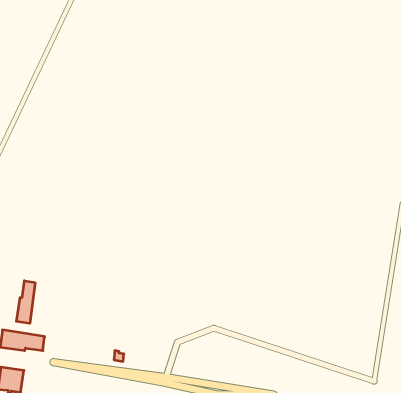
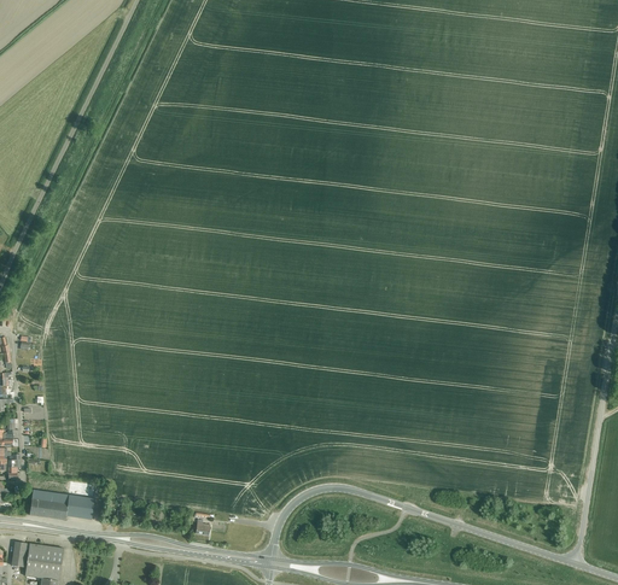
building: [16,281,35,323] -> none

